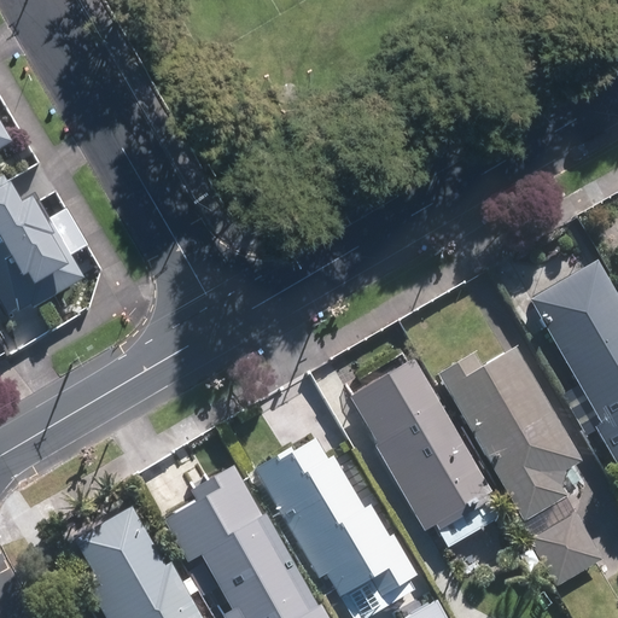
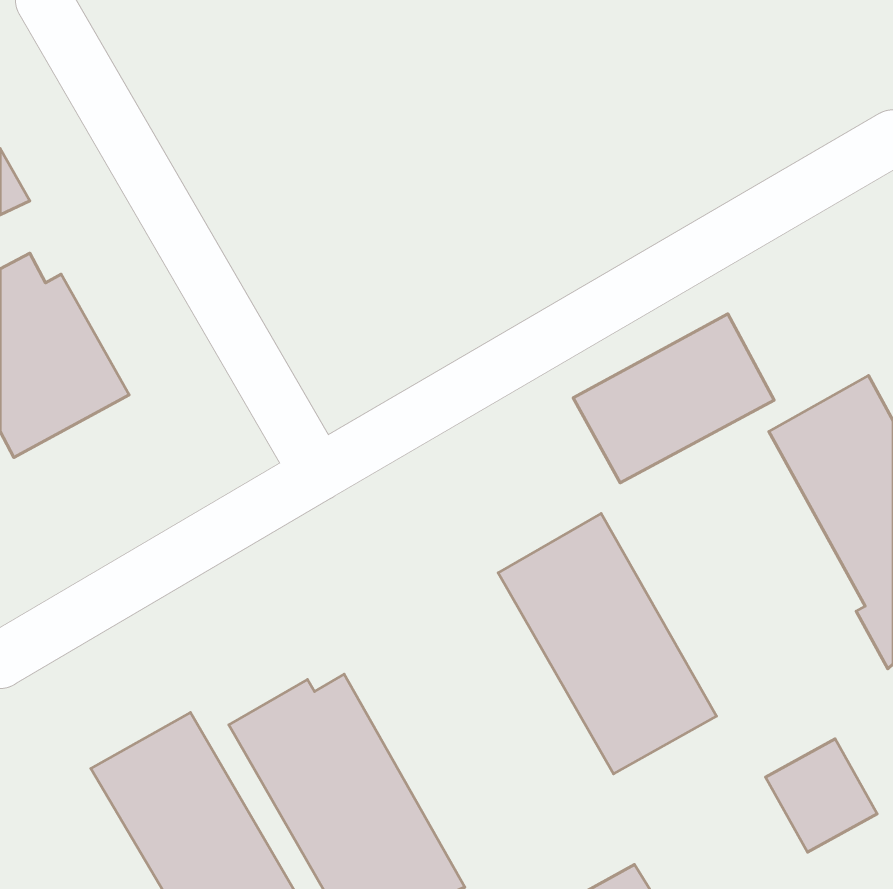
building: none -> [573,314,774,483]
building: [441,351,583,523] -> none
building: [258,439,419,600] -> none

